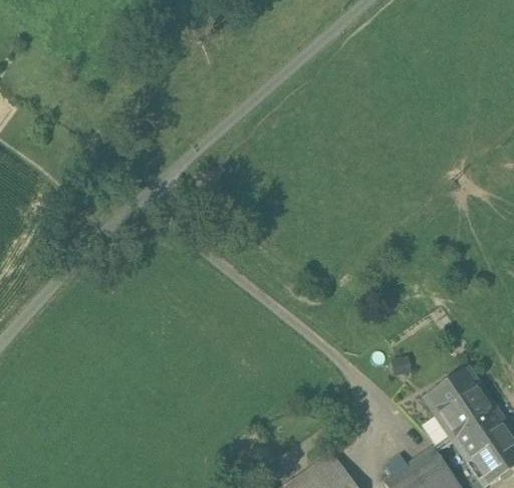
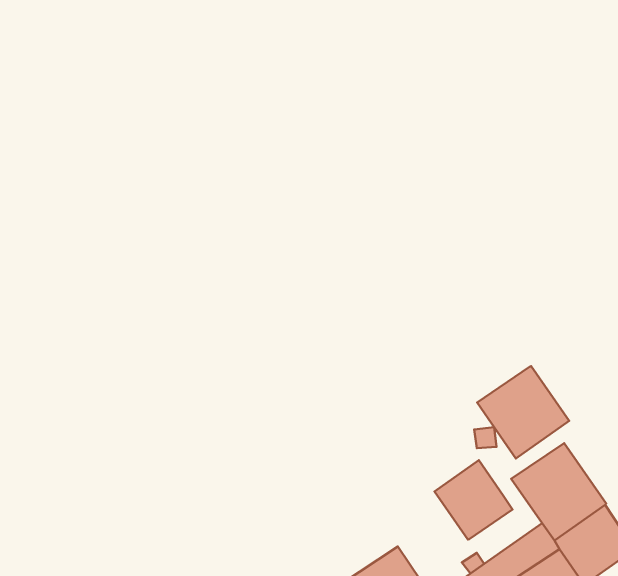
building: none -> [477,366,569,459]
building: none -> [434,460,513,540]

